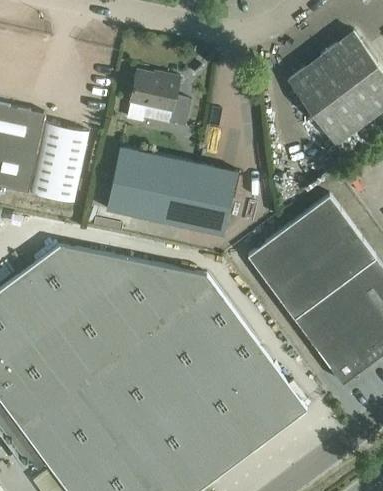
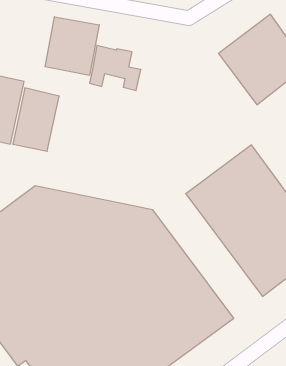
building: none -> [45,17,99,75]
building: [106,148,237,236] -> none

